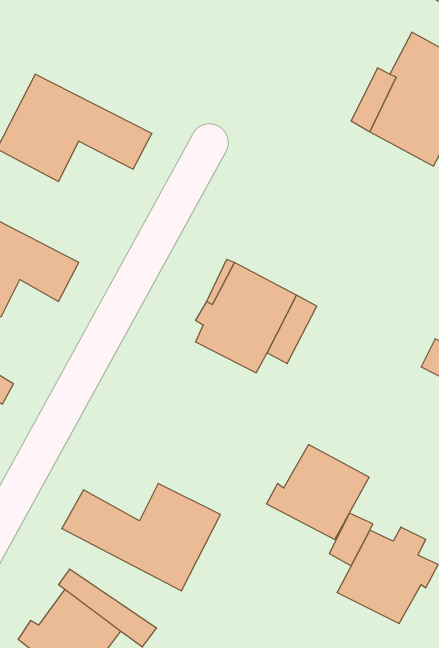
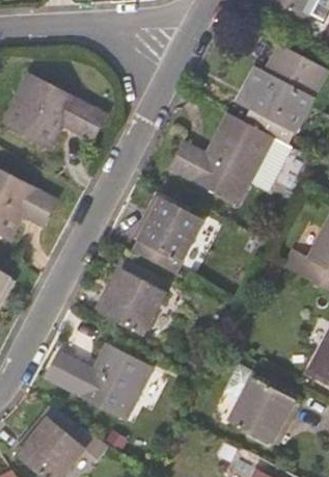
building: none -> [171,114,292,203]
building: [266,445,369,540] -> [98,270,166,334]

